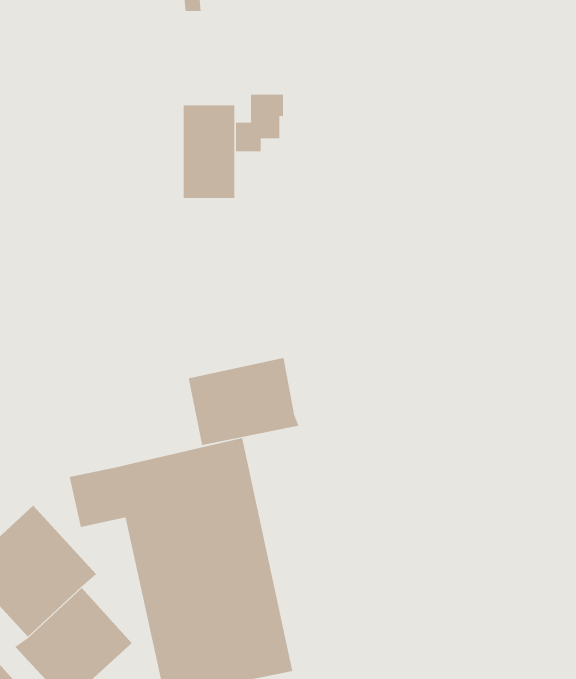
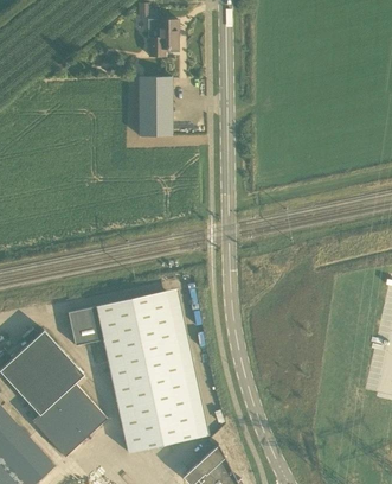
building: [235,94,284,152] -> [148,19,179,56]
building: [188,357,299,446] -> none

